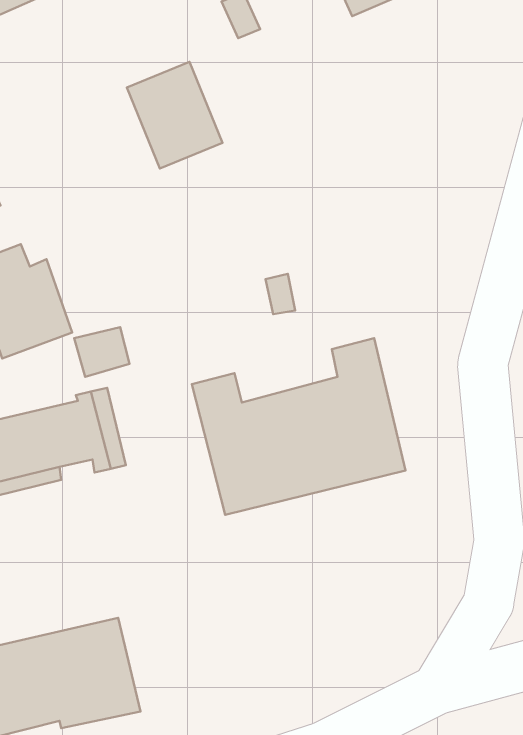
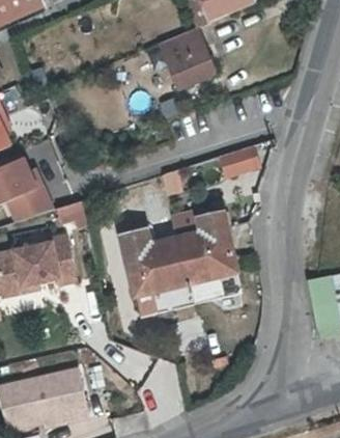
building: [127,62,222,168] -> [163,28,217,88]
building: none -> [218,144,260,176]

